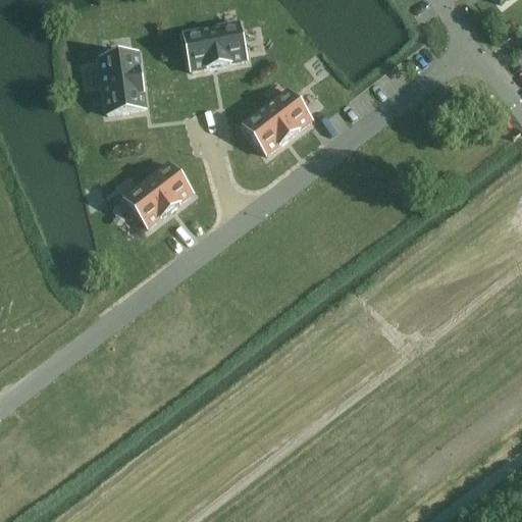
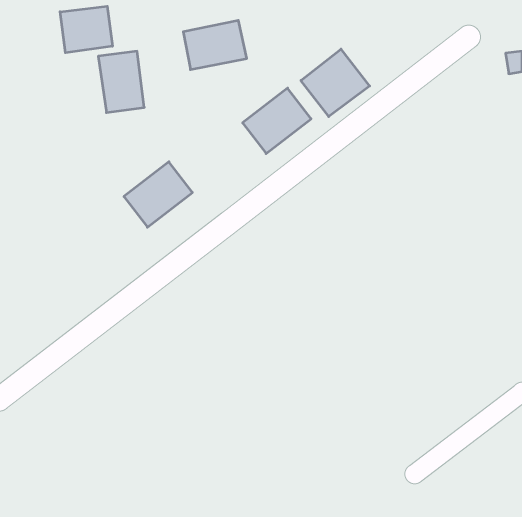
building: none -> [60,6,112,53]
building: none -> [301,49,370,117]

